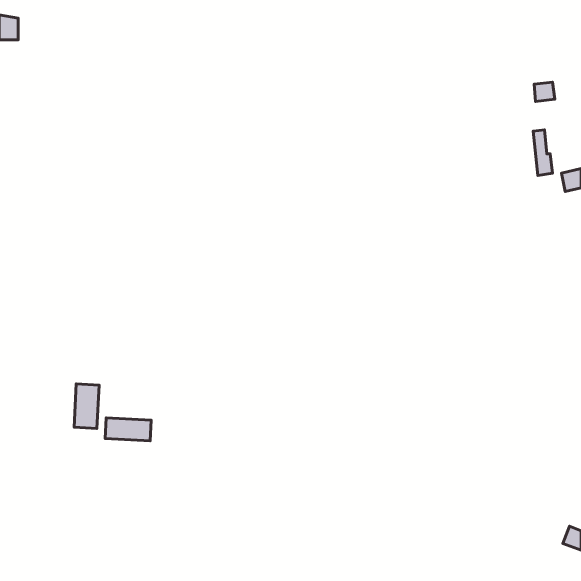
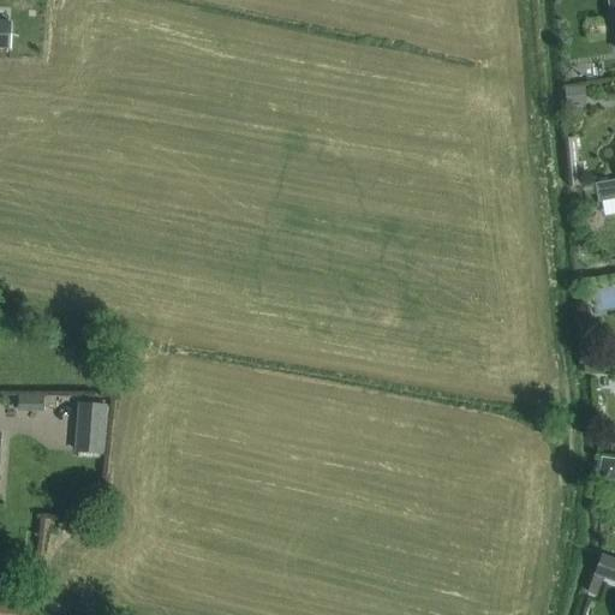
building: [105,418,151,441] -> none

